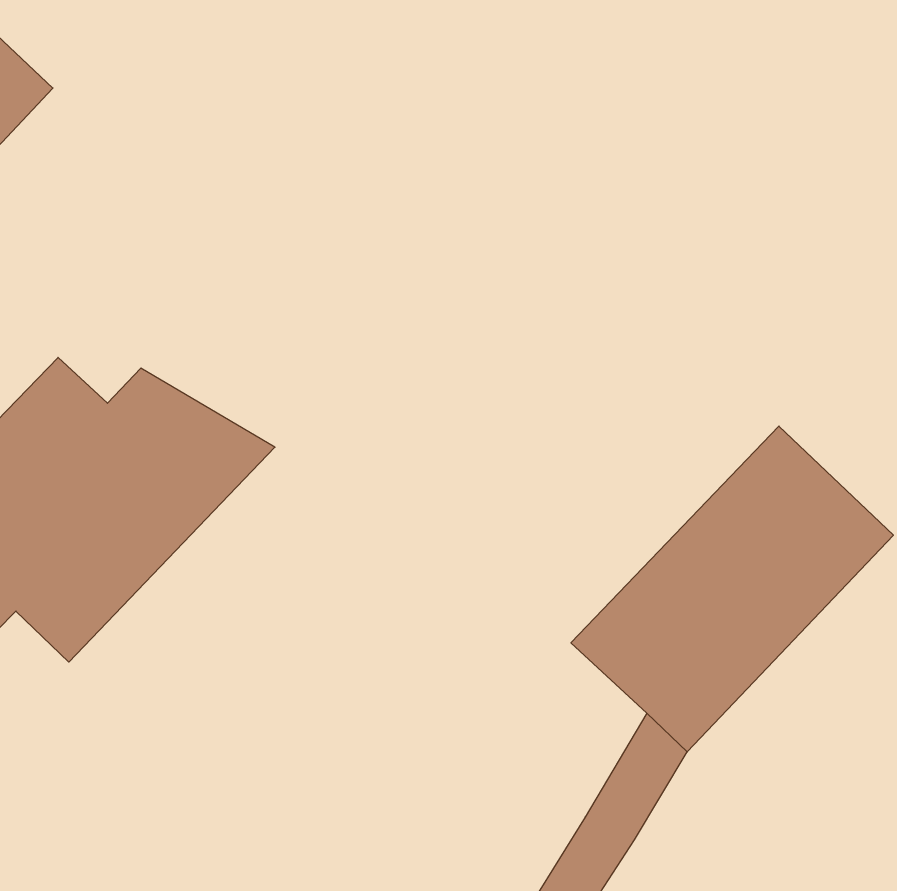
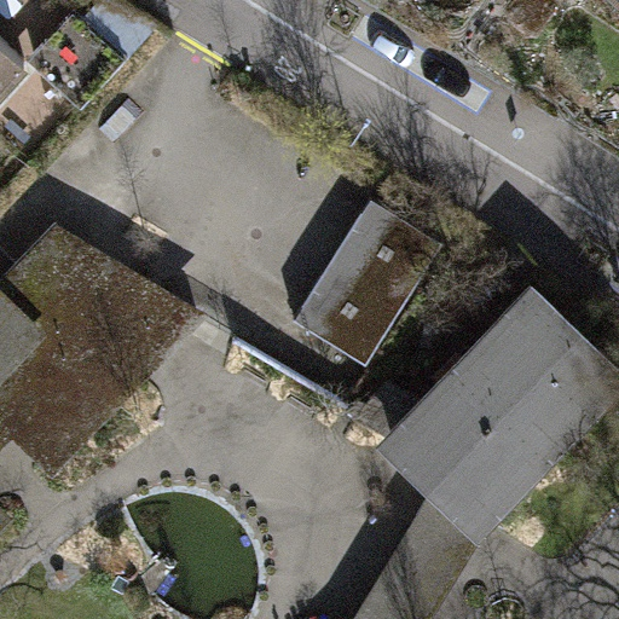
building: none -> [291,199,442,368]

